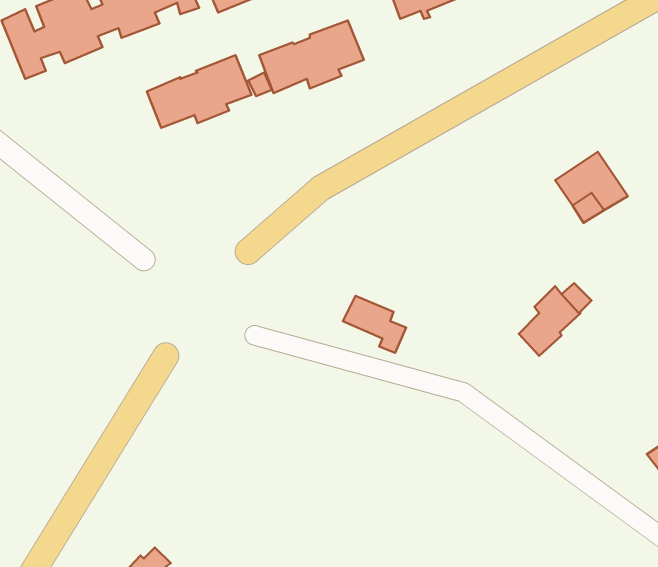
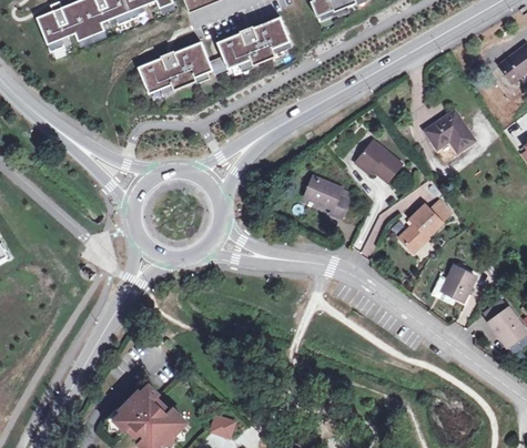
building: none -> [355,139,403,181]
building: [343,296,406,353] -> [305,176,349,216]
building: none -> [442,265,476,301]

